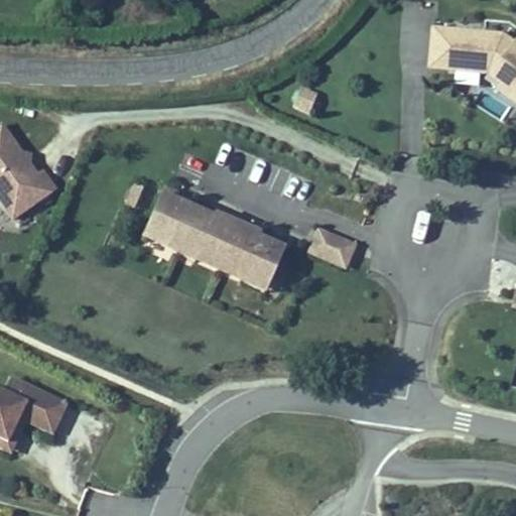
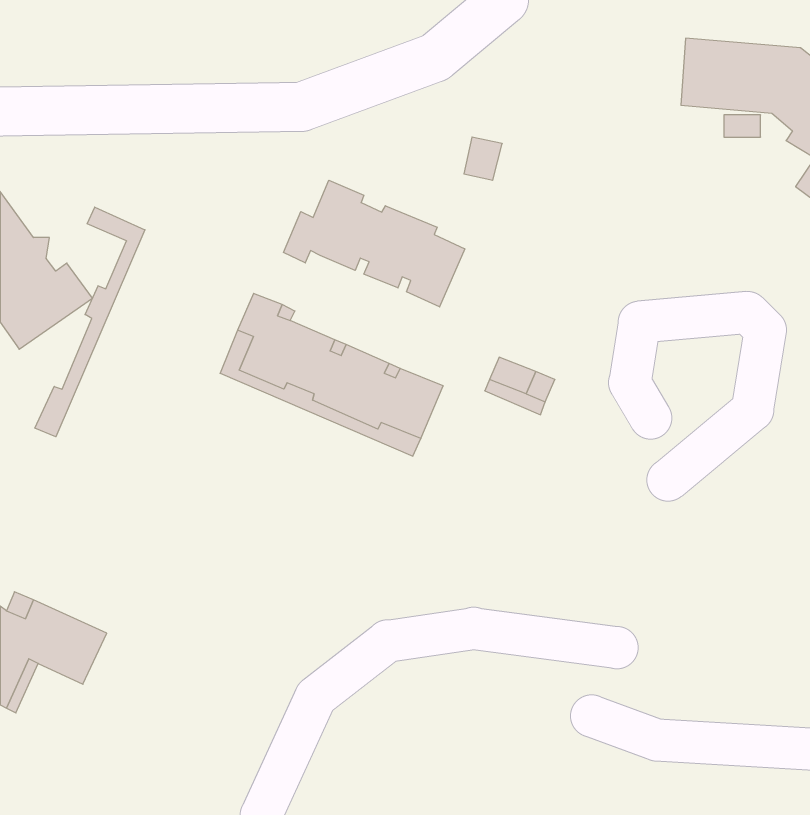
building: none -> [284,180,465,307]
building: none -> [35,207,145,437]

